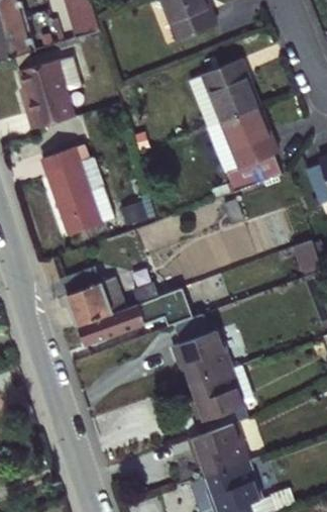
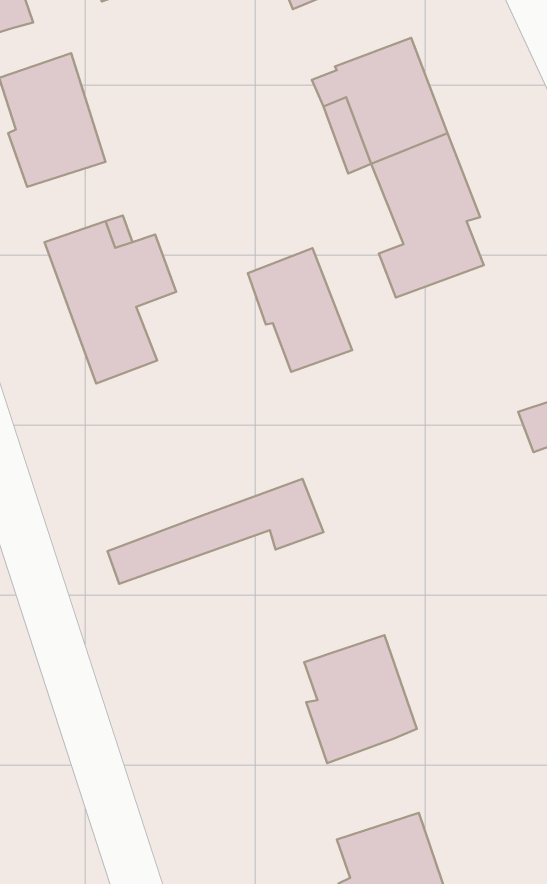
building: none -> [248,248,352,372]
building: [63,267,128,325] -> none
building: [162,331,224,384] -> none
building: [180,424,242,478] -> none

